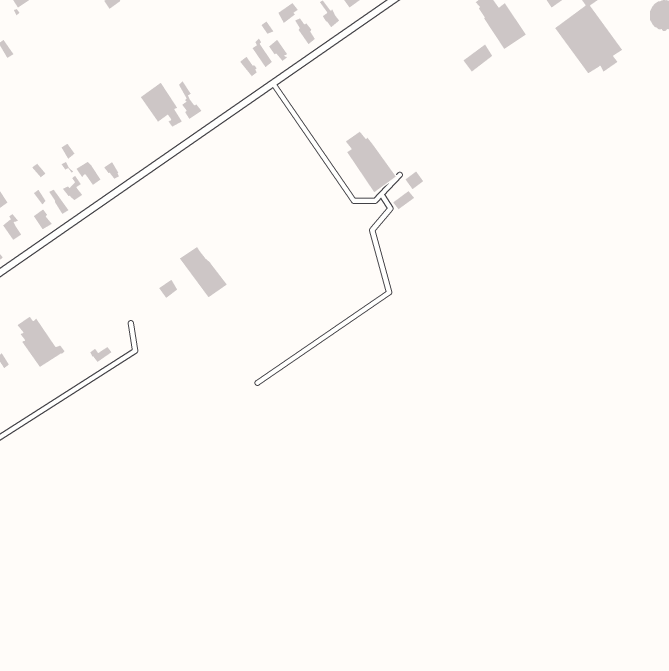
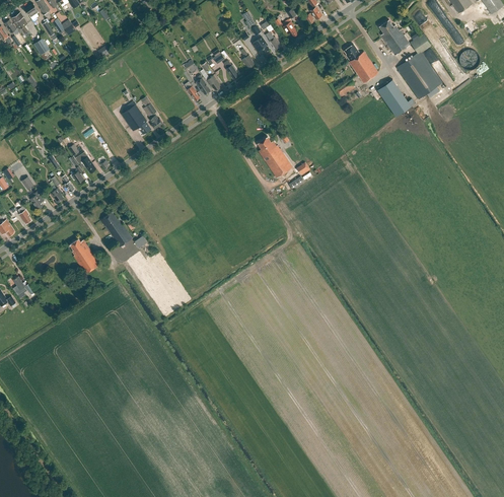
building: none -> [379,78,417,116]
building: [179,246,228,298] -> [100,212,133,246]
building: [17,316,65,368] -> [70,238,102,273]

